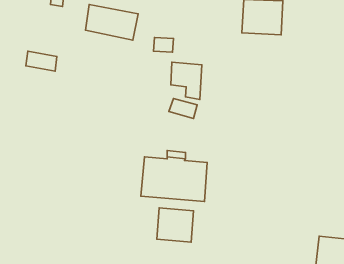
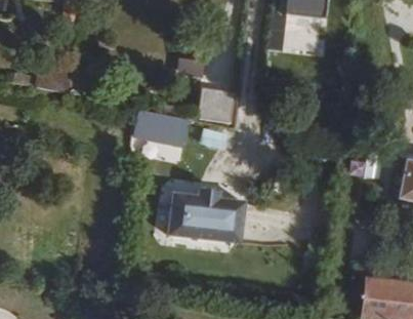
building: [85,5,138,40] -> [131,108,191,148]
building: [157,208,194,242] -> none

